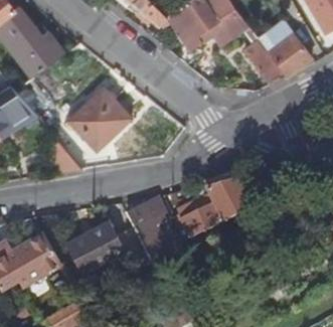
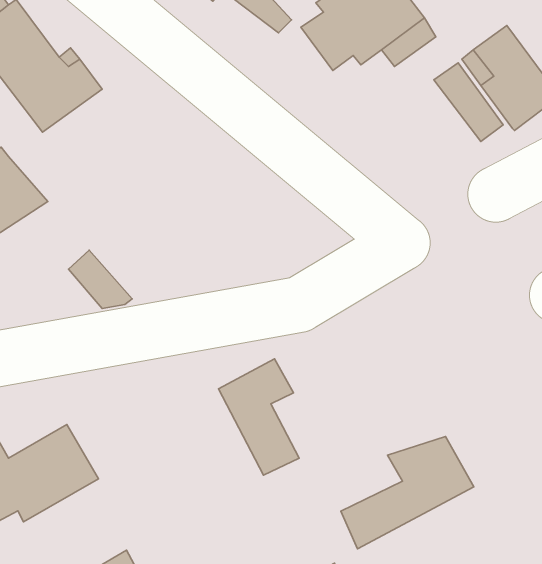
building: [68,87,130,148] -> none
building: [181,178,253,238] -> [341,436,474,549]
building: [66,222,128,274] -> none

